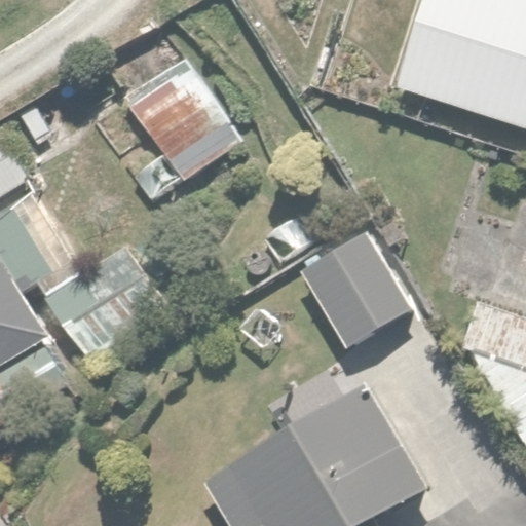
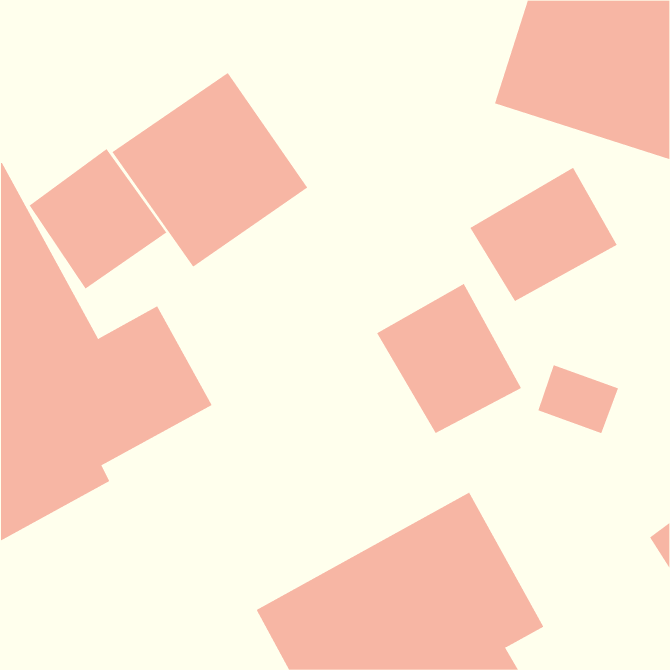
building: none -> [29,148,167,289]
building: none -> [469,167,618,302]

